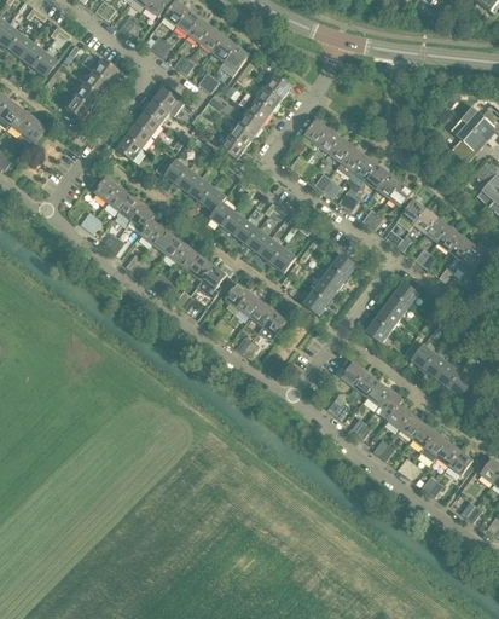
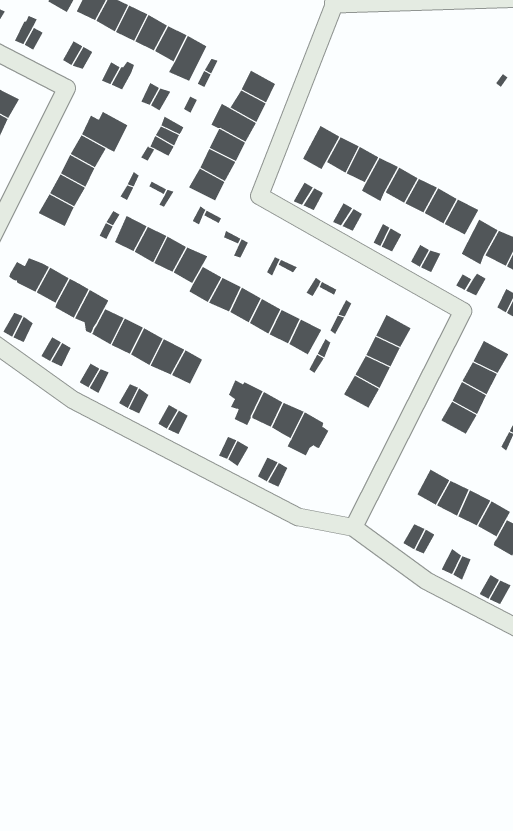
building: [196,264,225,299] -> none

